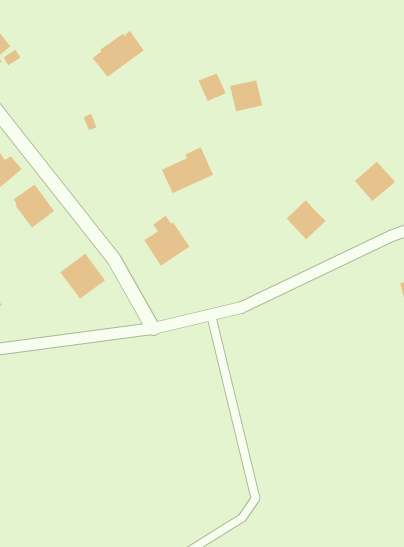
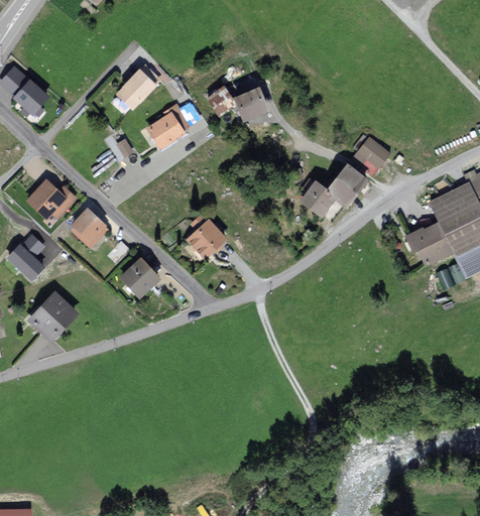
building: [161,146,214,194] -> [145,104,191,148]
building: none -> [327,165,365,205]

